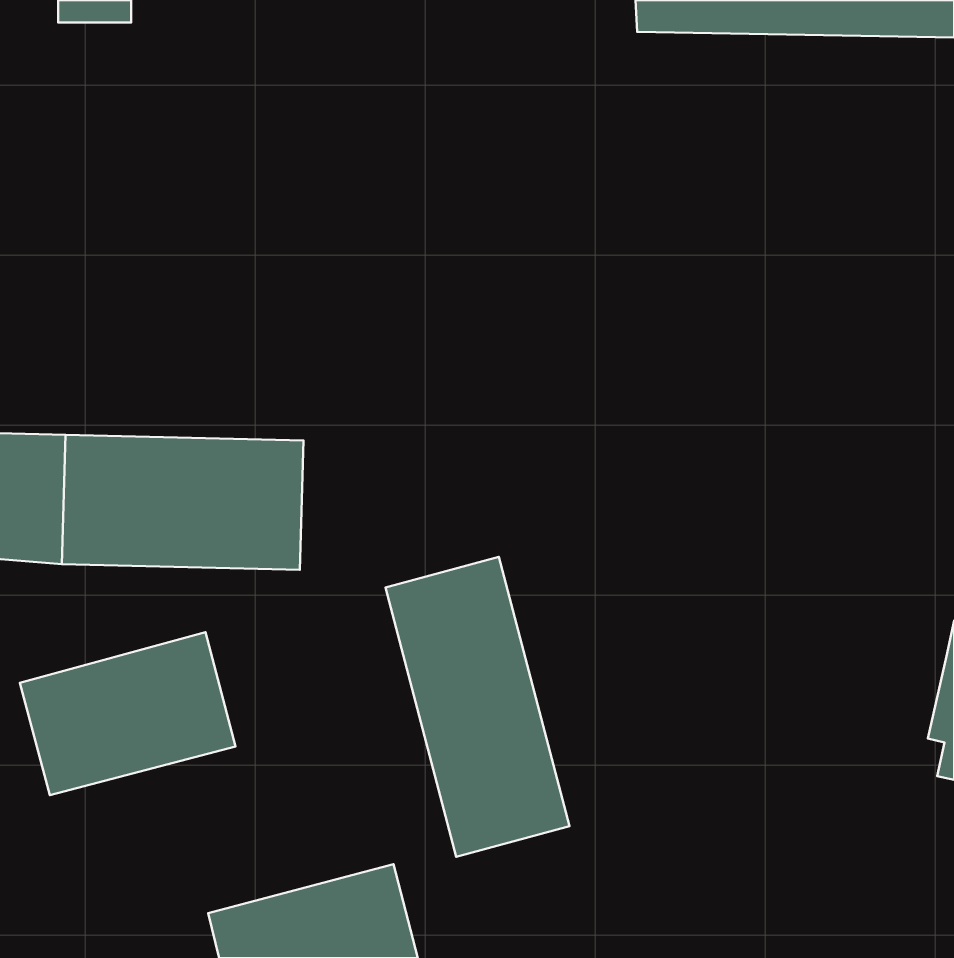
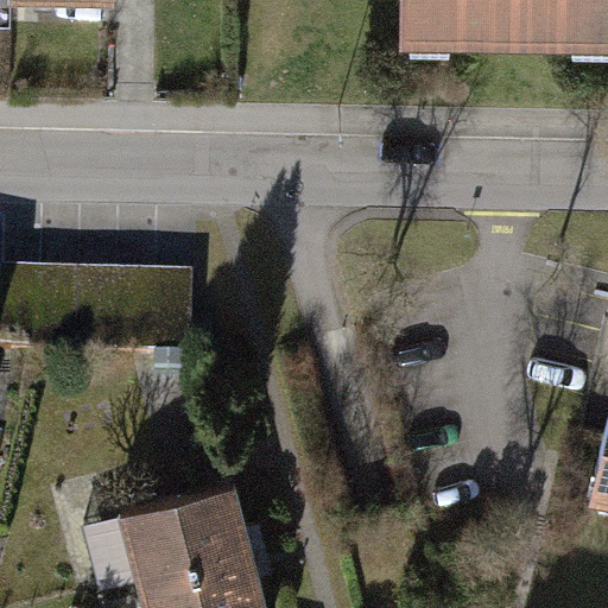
building: [386,557,570,857] -> none
building: [20,632,235,795] -> [113,475,249,578]

